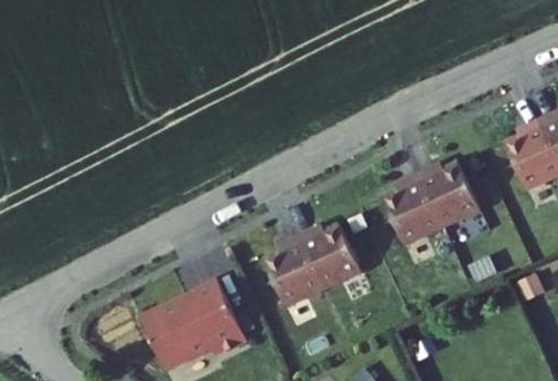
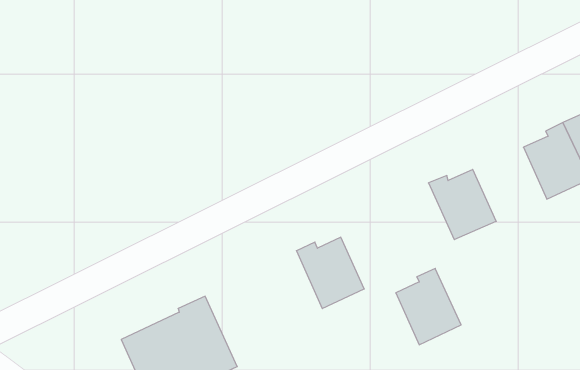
building: [382,175,441,244] -> [396,268,461,345]
building: [263,236,322,306] -> none

